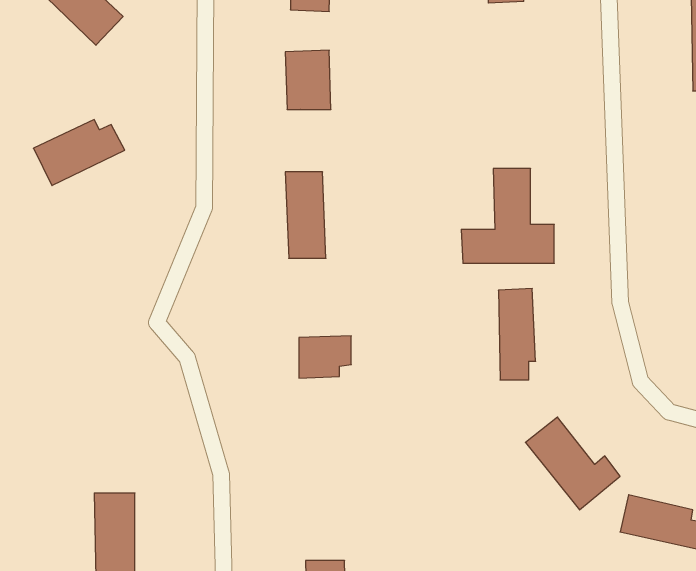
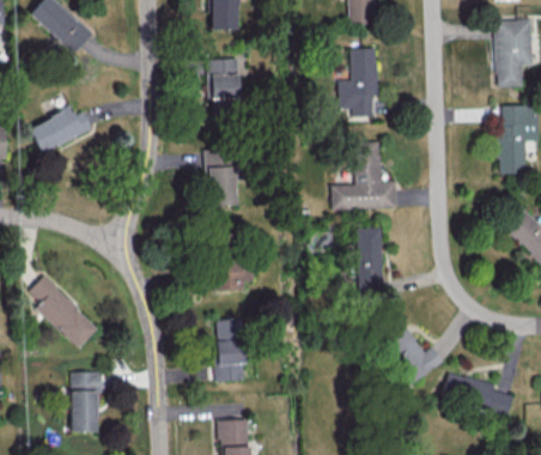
building: none -> [338,48,377,116]
building: none -> [29,275,98,347]
building: none -> [214,316,245,381]

